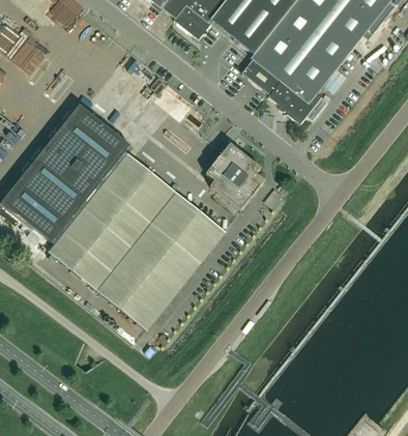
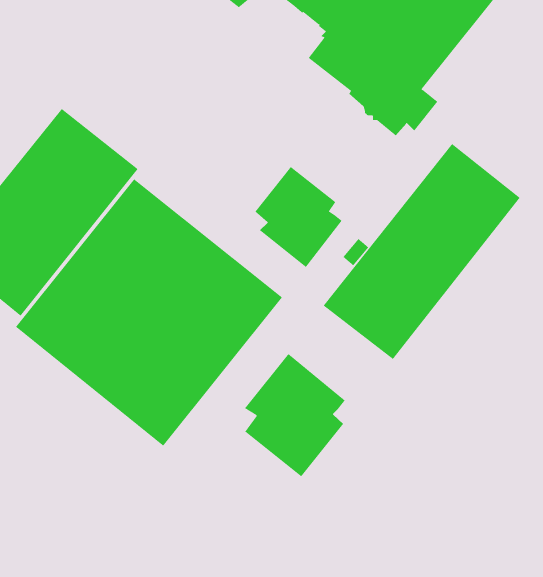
building: none -> [323,143,521,360]
building: none -> [244,353,346,477]

